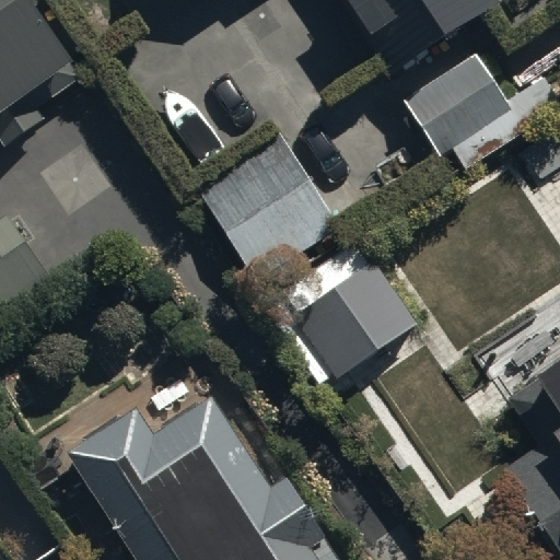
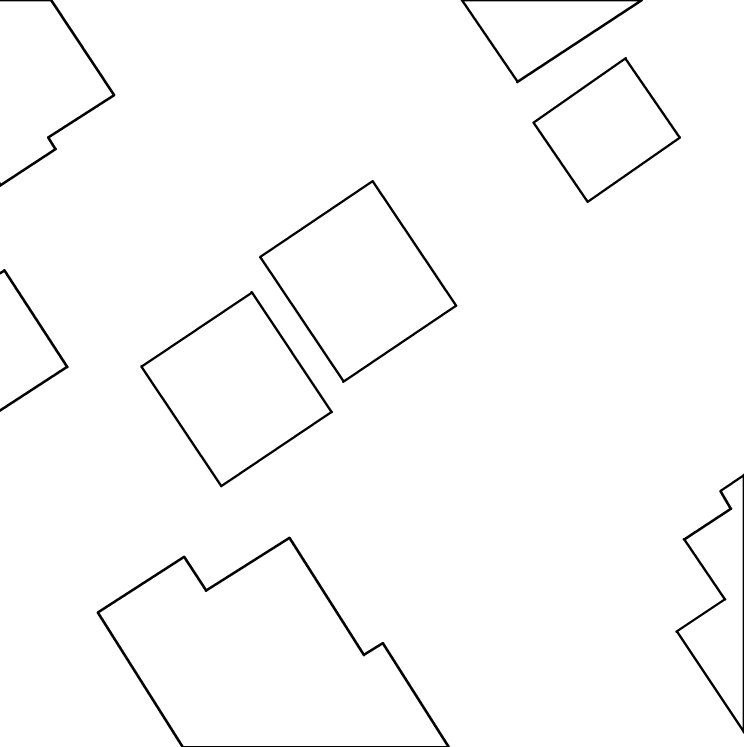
building: none -> [142,292,332,486]
building: [294,252,419,378] -> none

